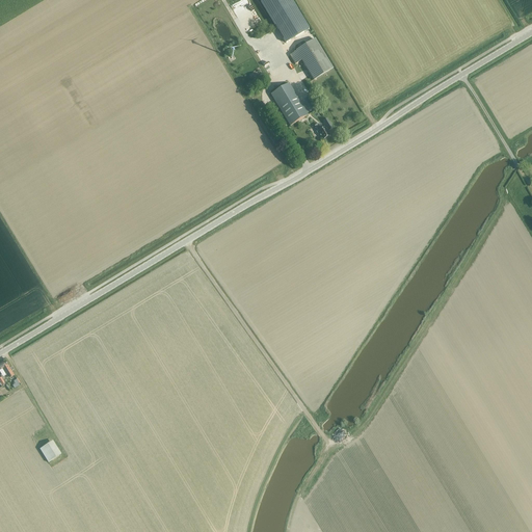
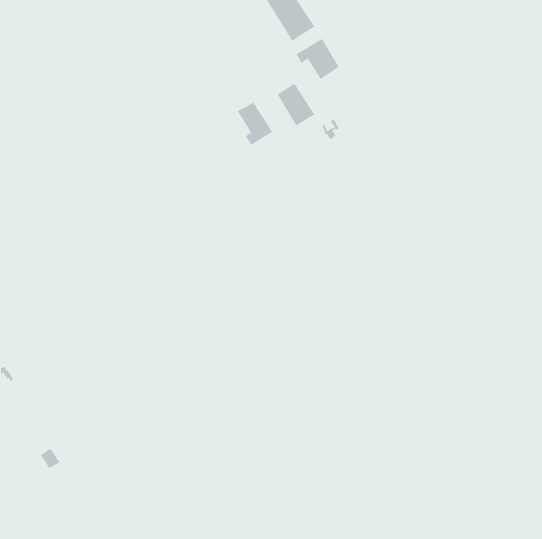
building: none -> [237,102,273,146]

